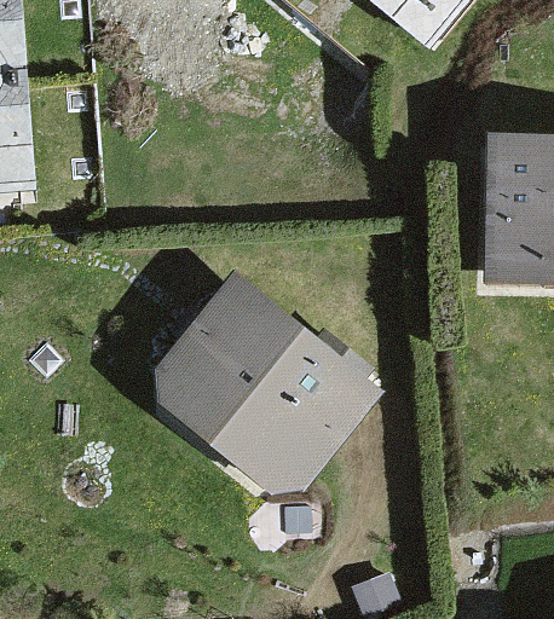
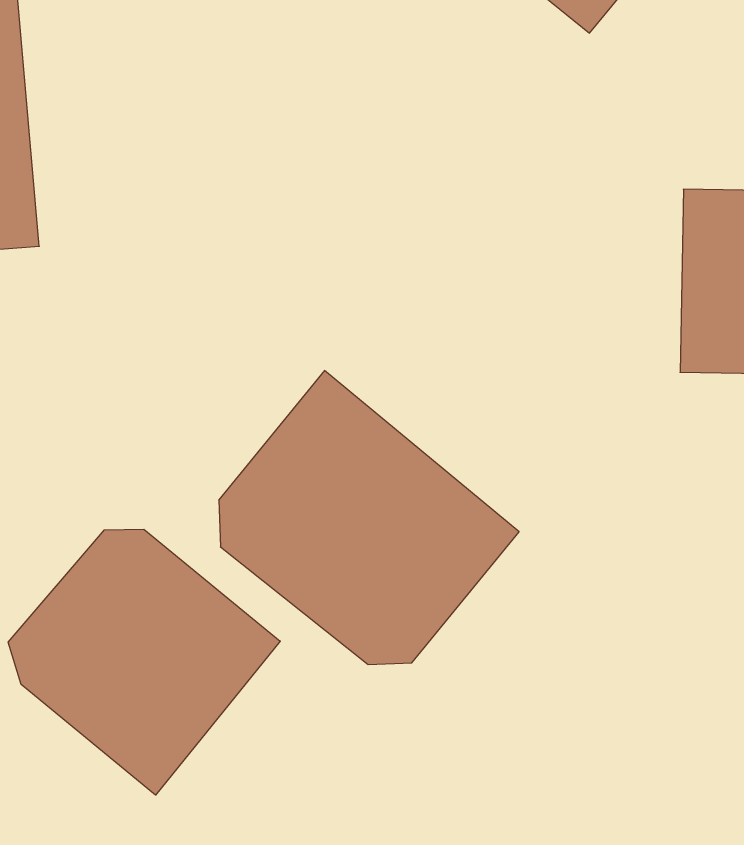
building: none -> [8,529,280,795]

